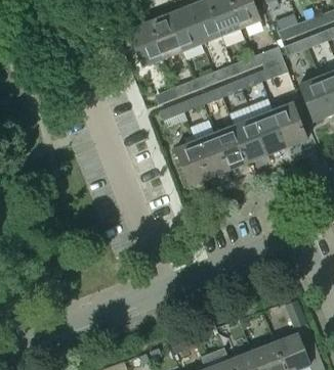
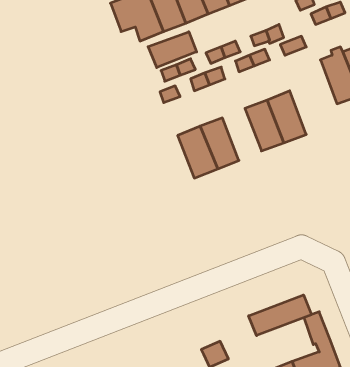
building: none -> [148,32,197,68]
building: [273,97,307,147] -> none
building: [214,125,248,170] -> none
building: none -> [249,295,311,336]

